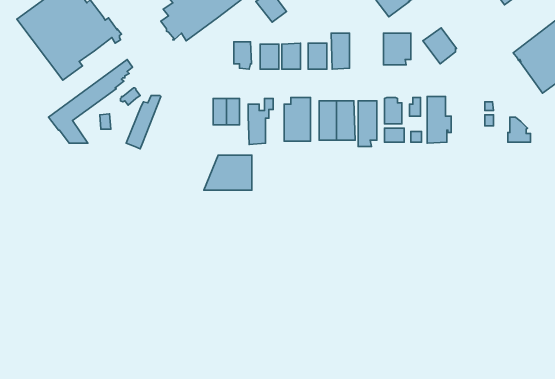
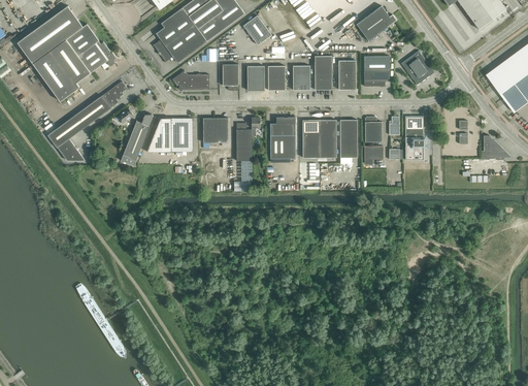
building: none -> [338,60,355,89]
building: none -> [171,70,208,91]
building: [204,155,252,190] -> [146,118,192,151]

